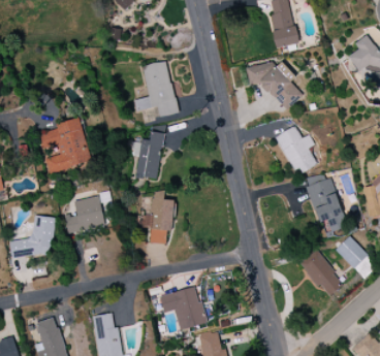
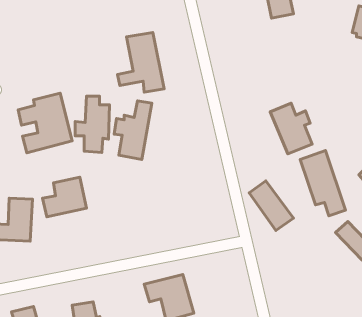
building: [245,61,302,109] -> none
building: [140,191,172,244] -> [75,96,110,152]
building: [300,251,342,297] -> [249,181,293,230]

